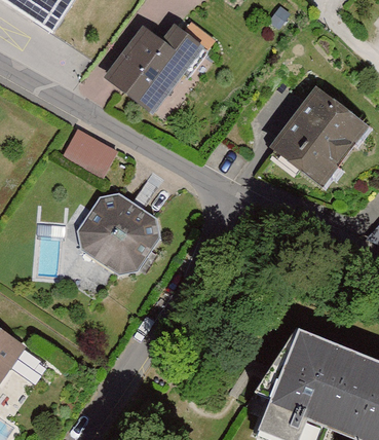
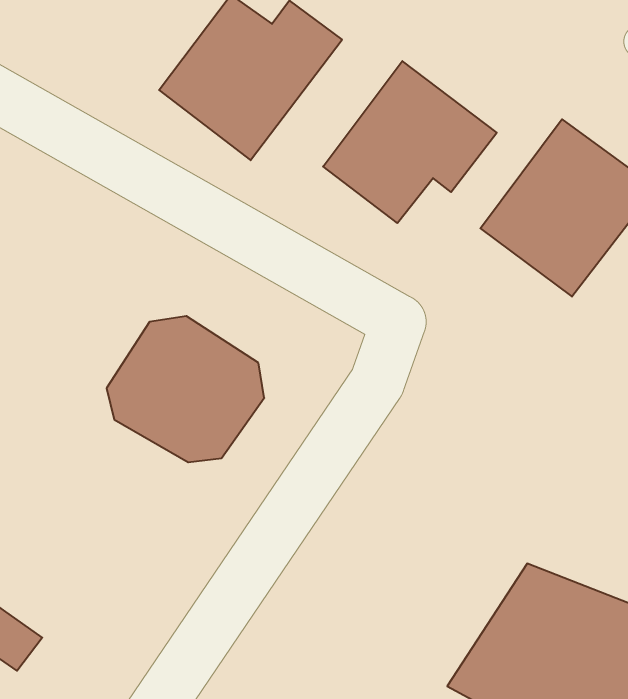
building: none -> [323,61,497,223]
building: [60,129,115,177] -> none

